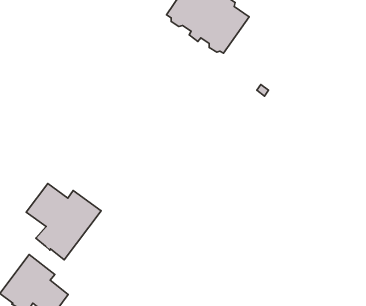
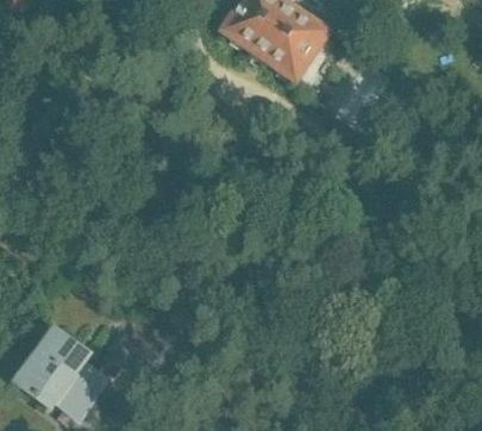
building: [26,184,101,260] -> none

